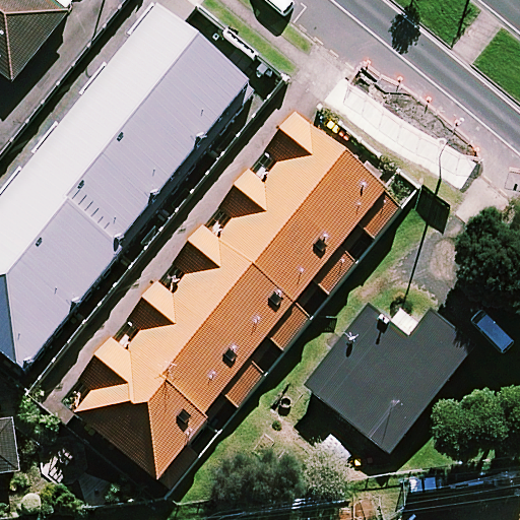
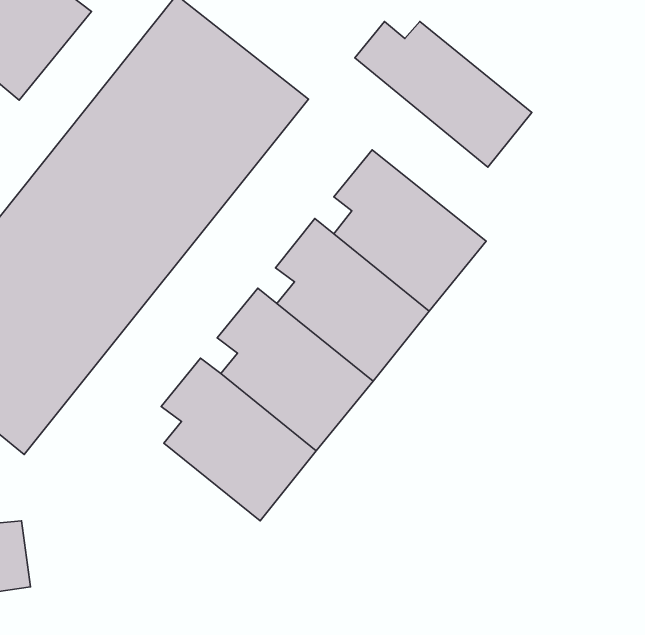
building: none -> [355,21,532,167]
building: [307,303,480,452] -> none
building: [80,343,212,482] -> none

